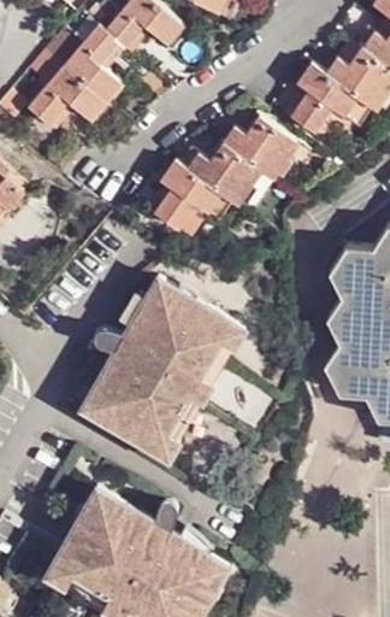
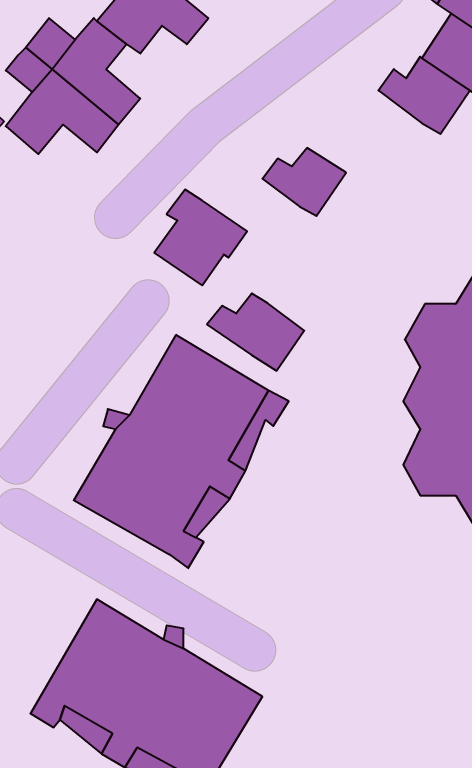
building: [278,77,348,139] -> none
building: [177,148,253,208] -> [207,293,304,371]

